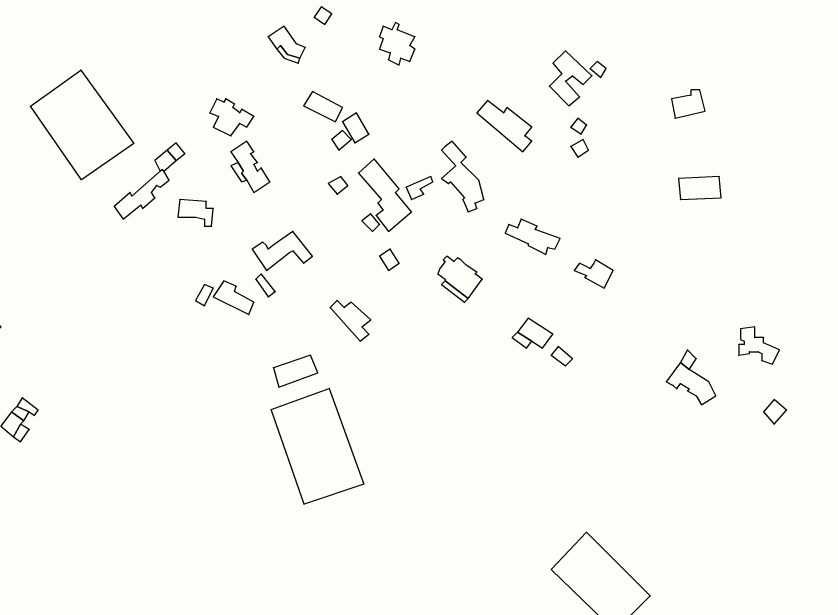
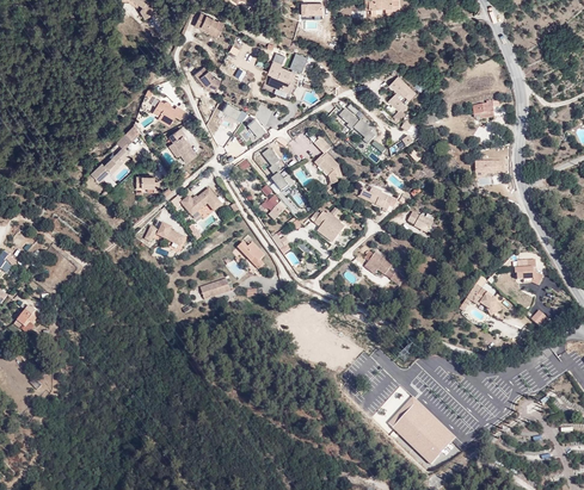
building: [30,70,134,180] -> none
building: [271,388,364,504] -> none

